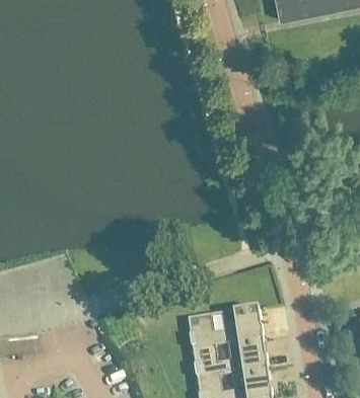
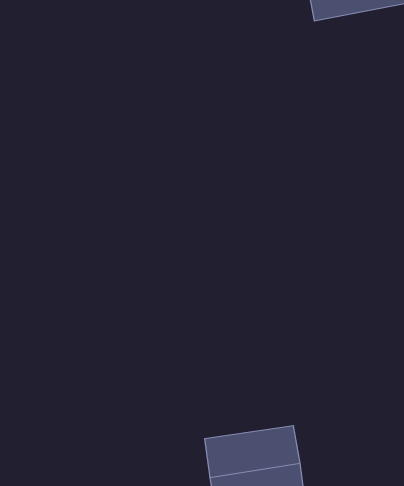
building: [187,306,262,347] -> none

